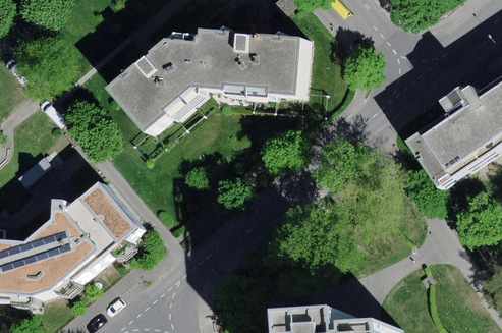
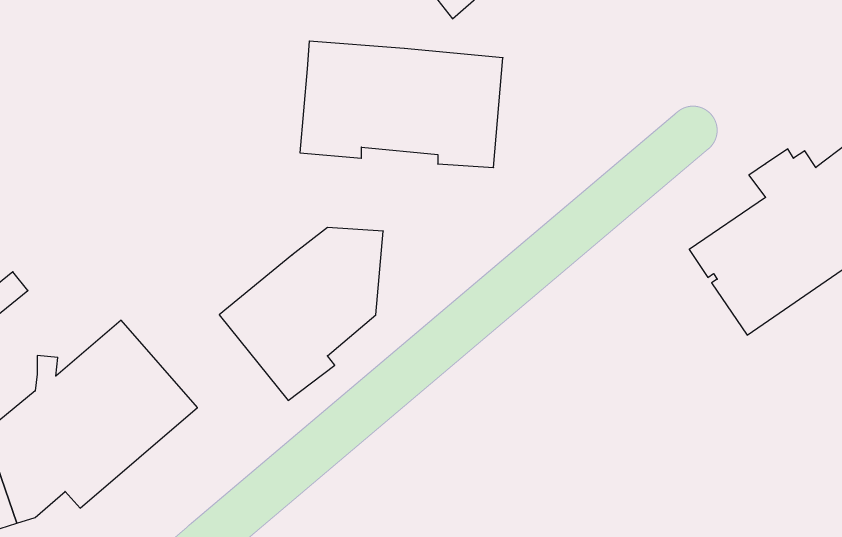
building: [108,40,198,134] -> [219,227,383,400]

